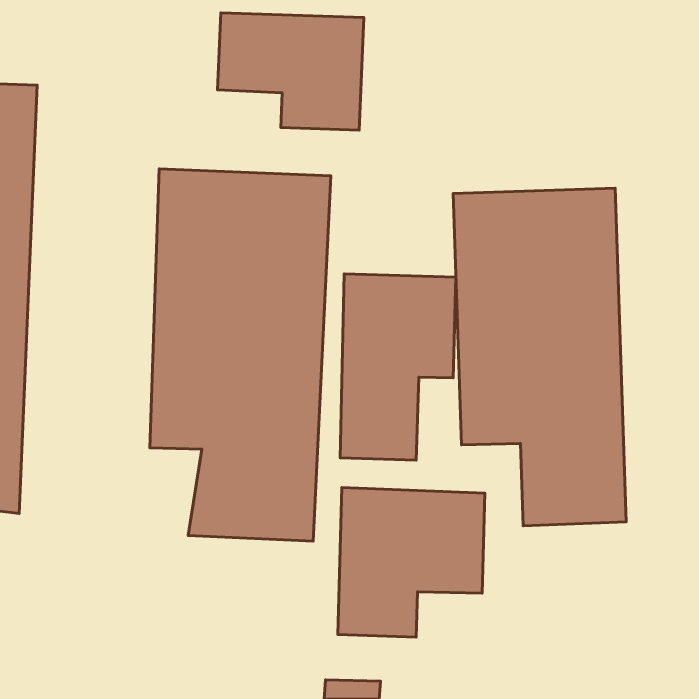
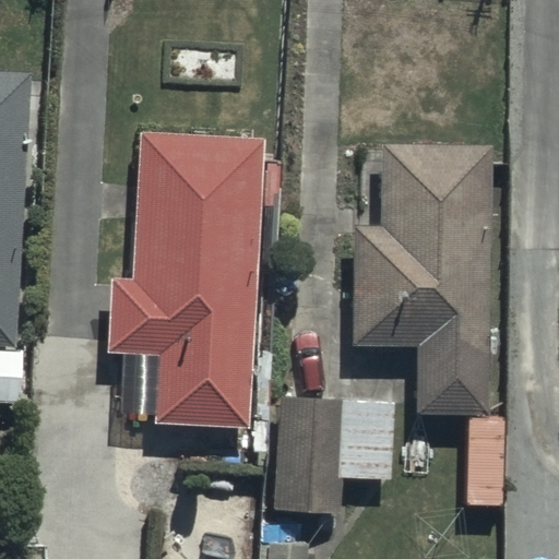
building: [218,13,364,130] -> none
building: [340,274,456,460] -> none

